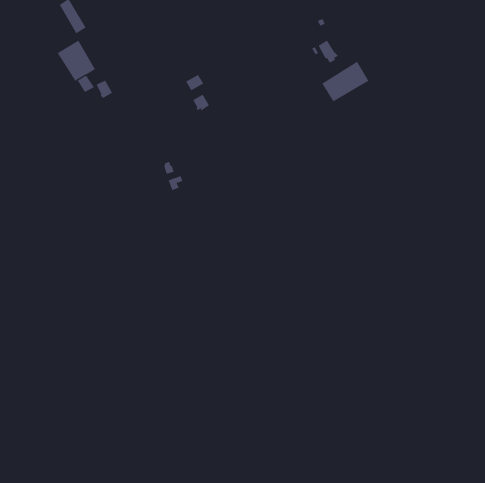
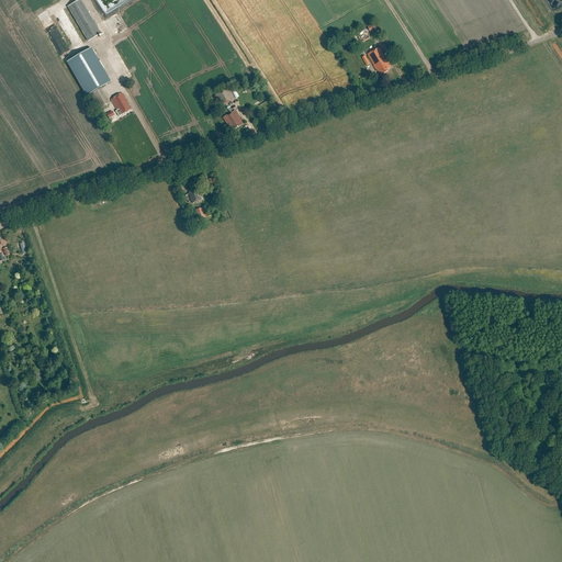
building: [322,61,369,102] -> none

